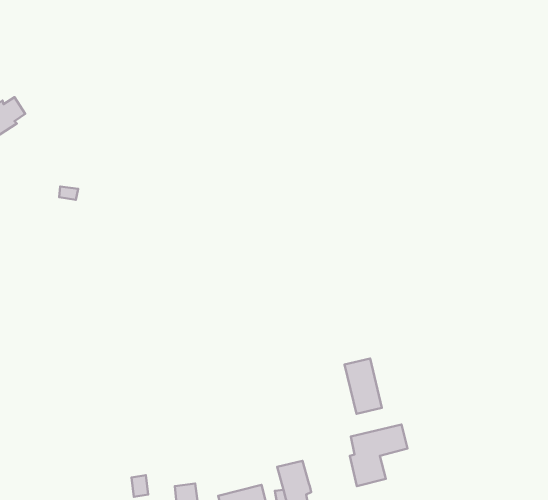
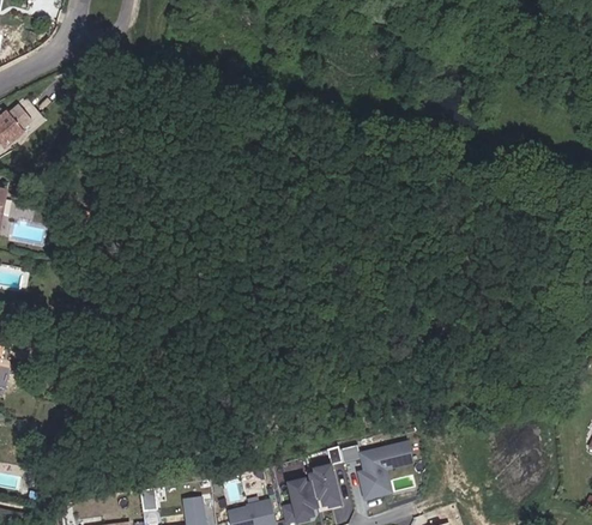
building: [345,358,382,414] -> none
building: none -> [309,461,342,506]

